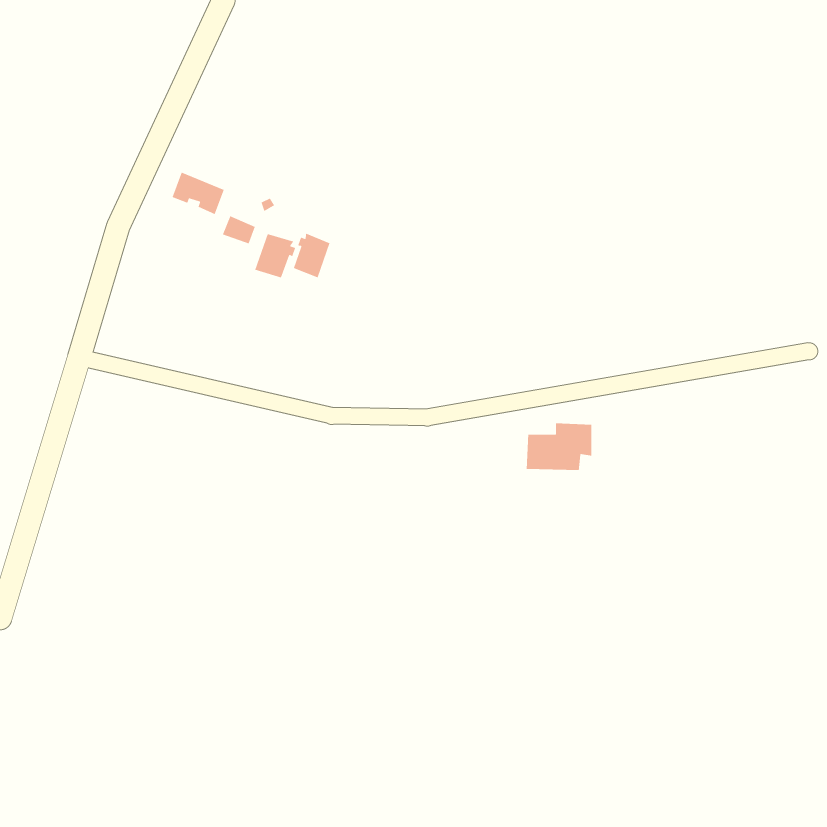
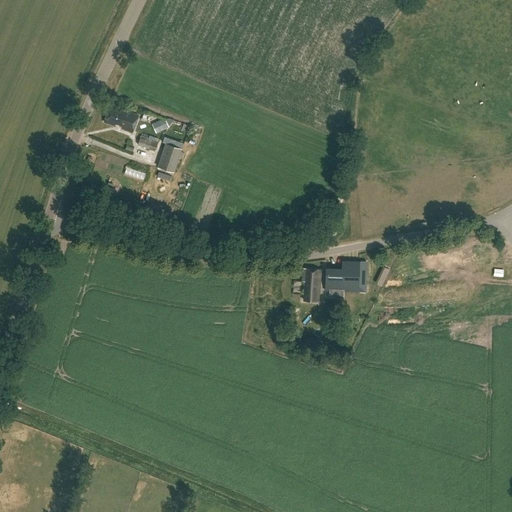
building: [293,233,331,279] -> none
building: none -> [302,268,321,301]

